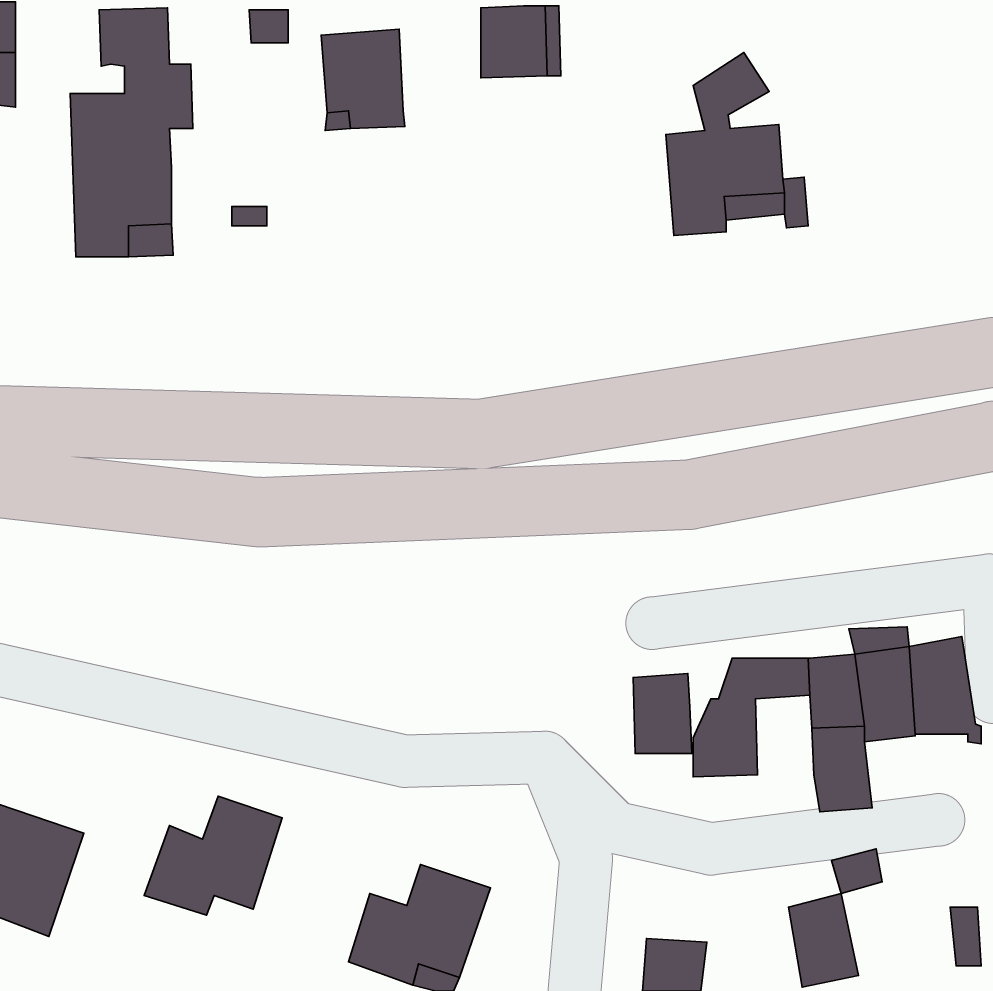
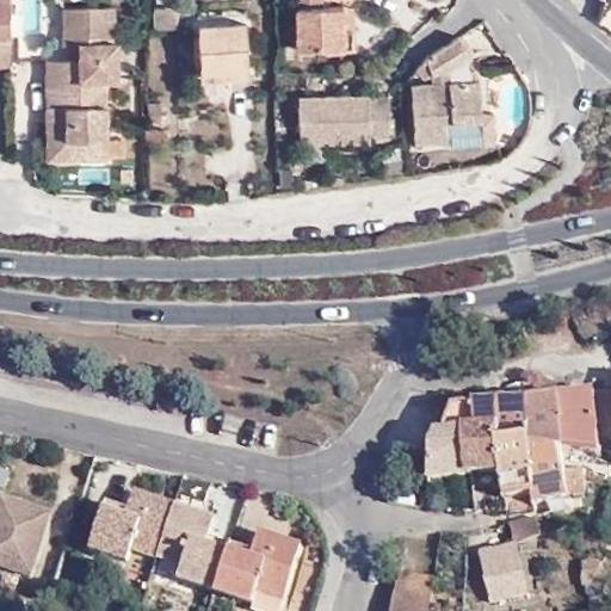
building: none -> [297,93,389,140]
building: [633,674,692,753] -> [463,426,499,475]
building: none -> [530,451,582,502]
building: none -> [155,501,227,590]

